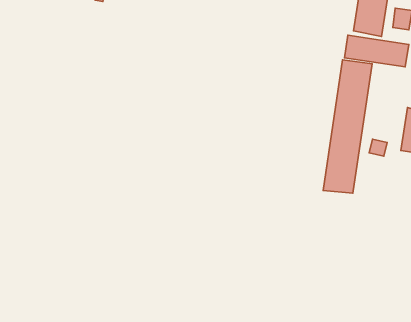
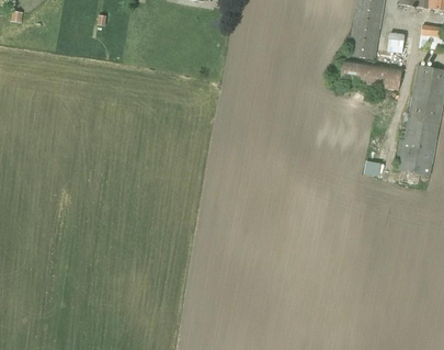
building: [323,60,372,193] -> none

